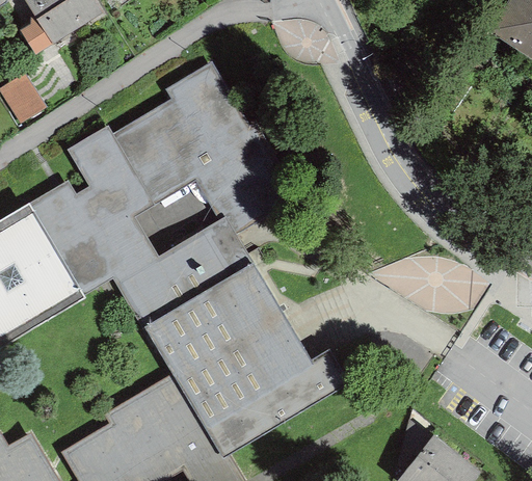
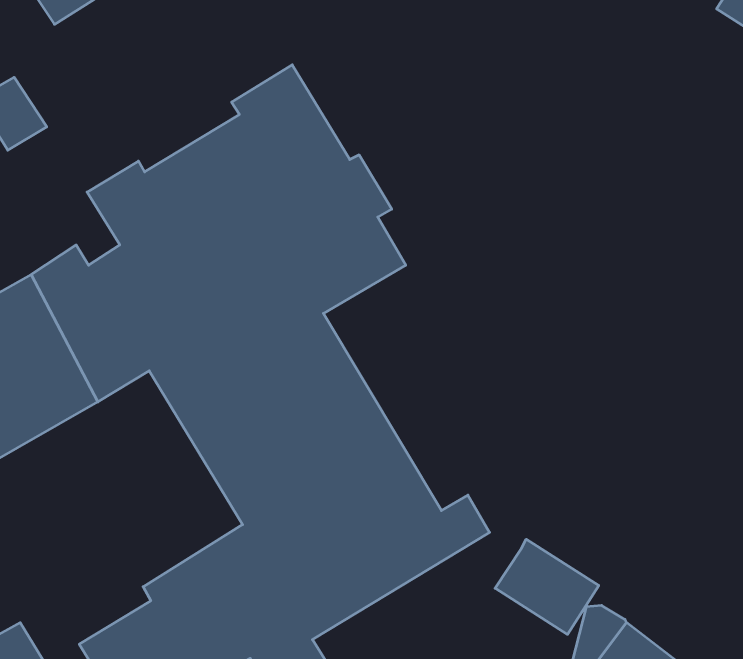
building: none -> [495,539,599,634]

